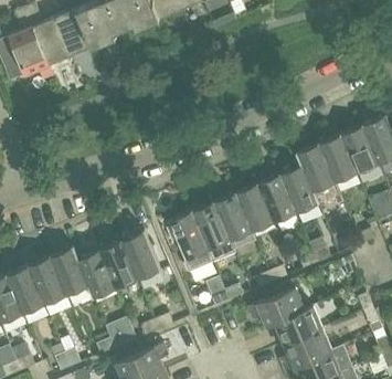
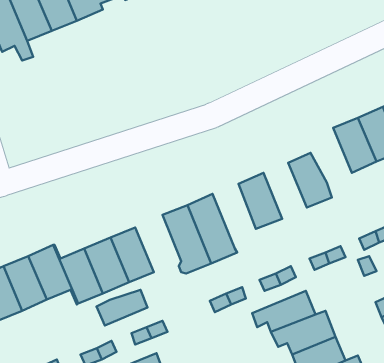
building: [295,143,340,206] -> none
building: [257,173,296,223] -> none
building: [212,192,255,250] -> none
building: none -> [96,290,147,326]

